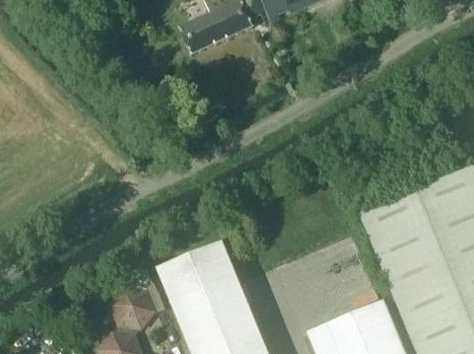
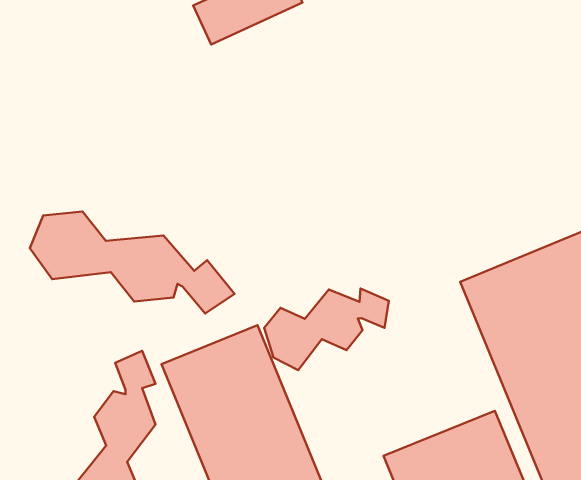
building: none -> [30,212,234,313]
building: none -> [264,288,389,370]

